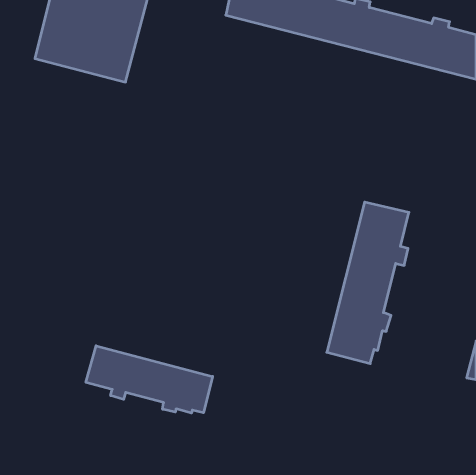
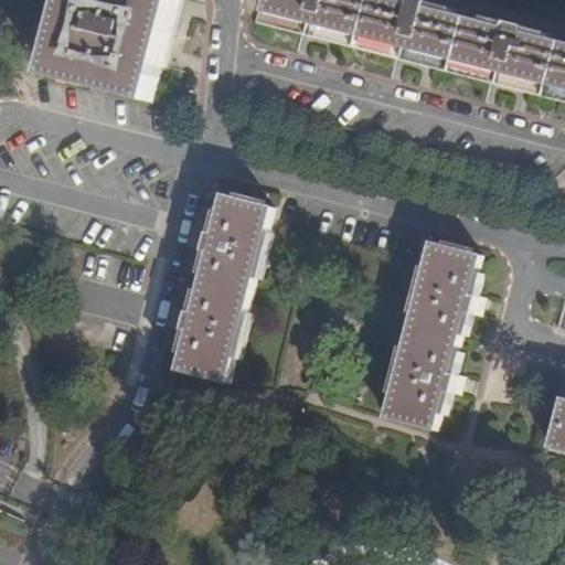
building: none -> [173,189,270,376]
building: [86,346,213,413] -> none

